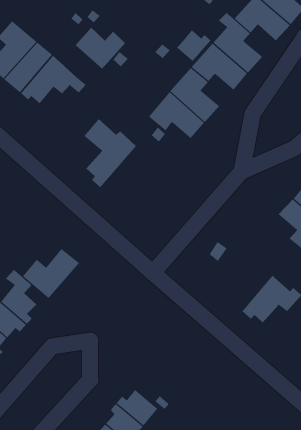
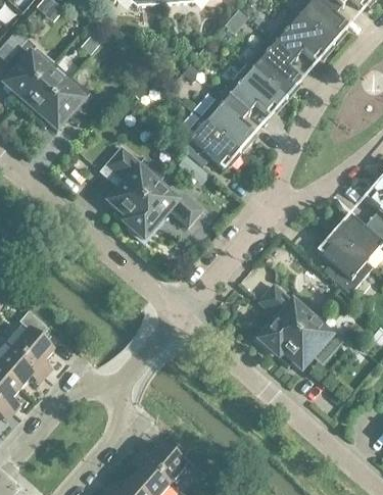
building: [75,27,126,69] -> none
building: [176,29,212,62] -> none
building: none -> [124,183,202,239]
building: none -> [257,284,312,356]
building: [22,248,80,299] -> none

